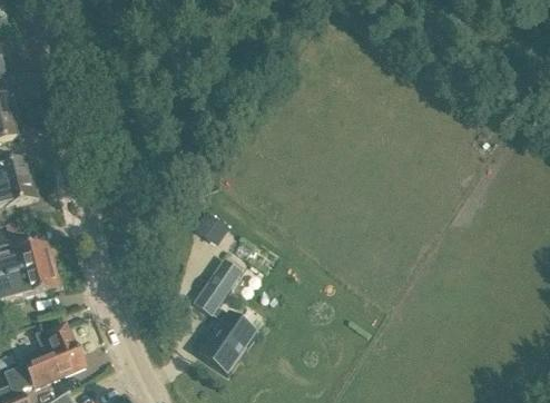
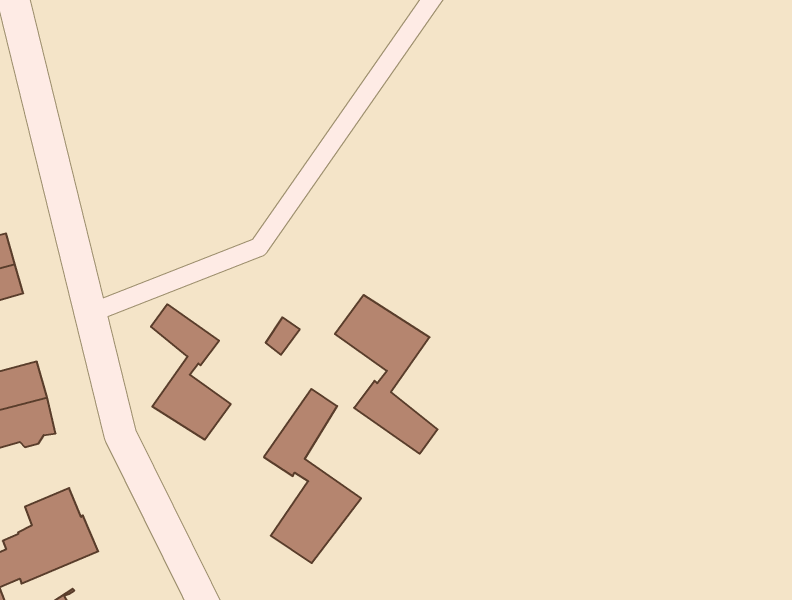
building: none -> [335,295,438,454]
building: none -> [151,304,231,440]

